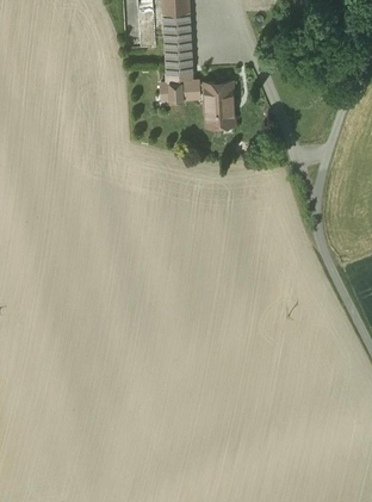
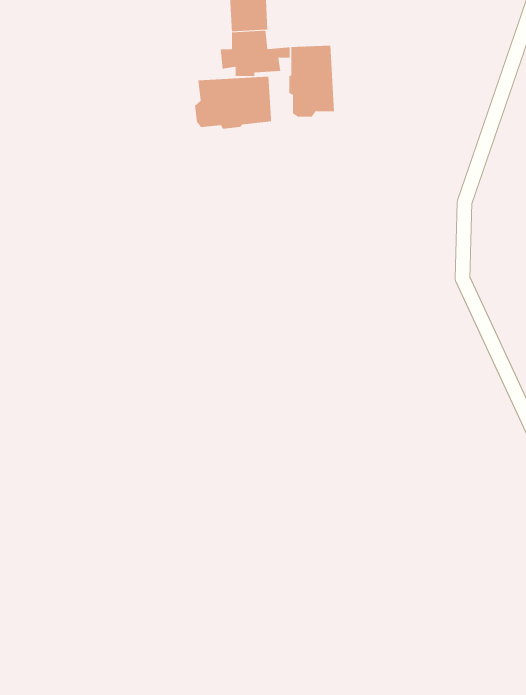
building: none -> [195,76,272,130]

